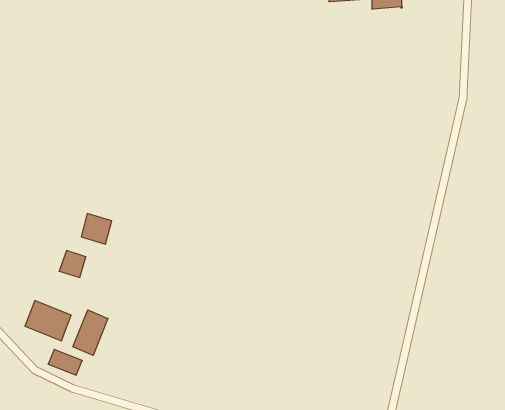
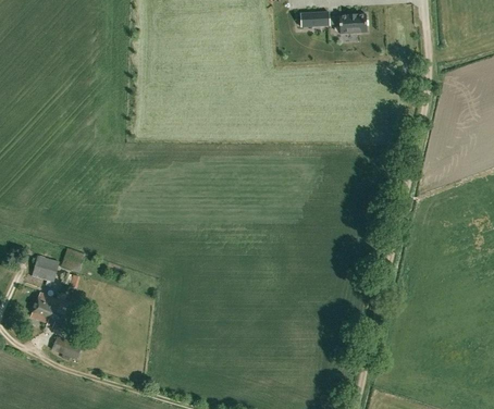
building: [81,214,112,244] -> [32,255,59,282]
building: [73,310,108,355] -> none

